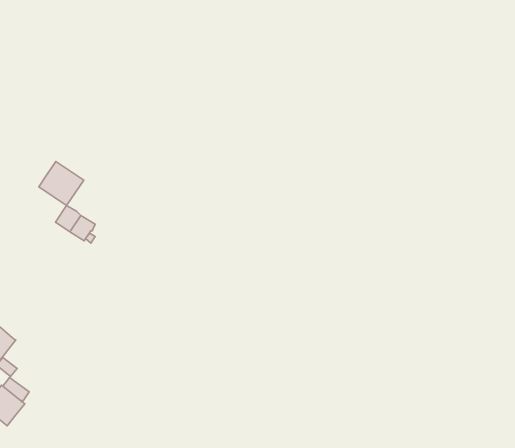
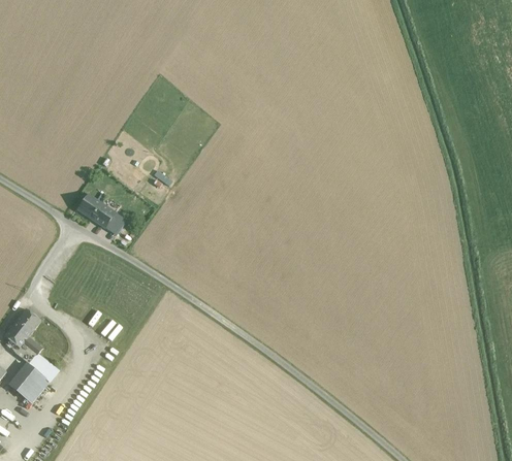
building: [39,162,84,206] -> none

